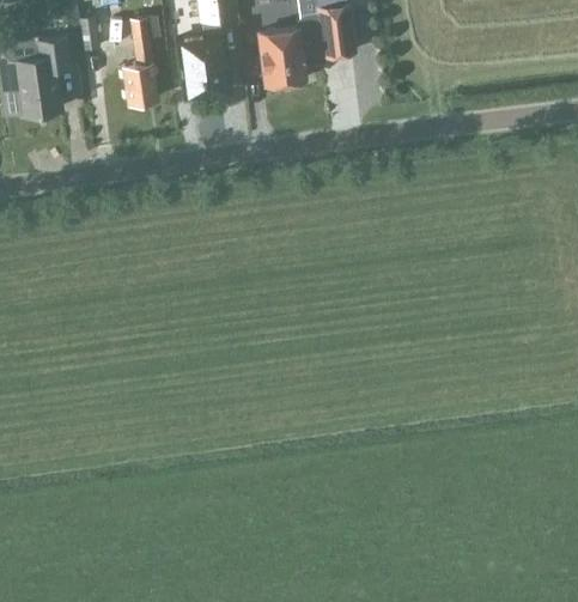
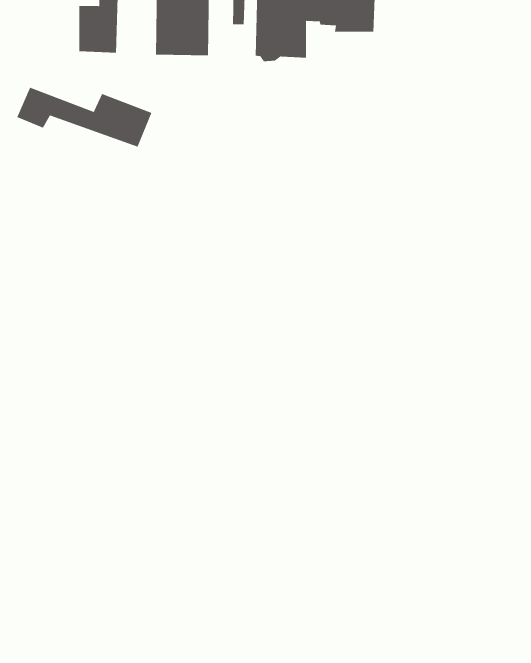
building: none -> [17,87,152,148]

